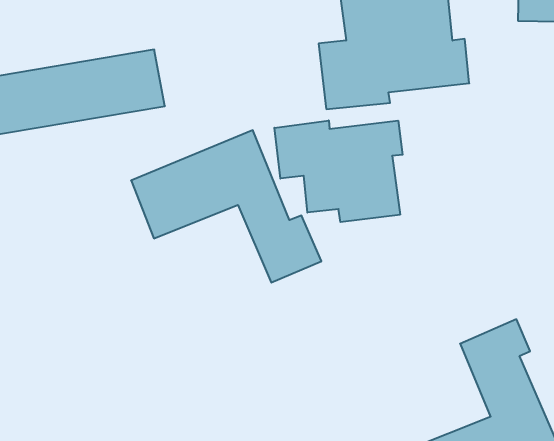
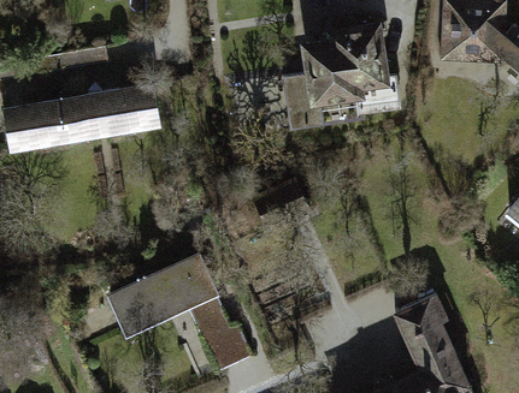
building: [274,120,403,222] -> none
building: [131,130,321,283] -> [102,251,253,371]

